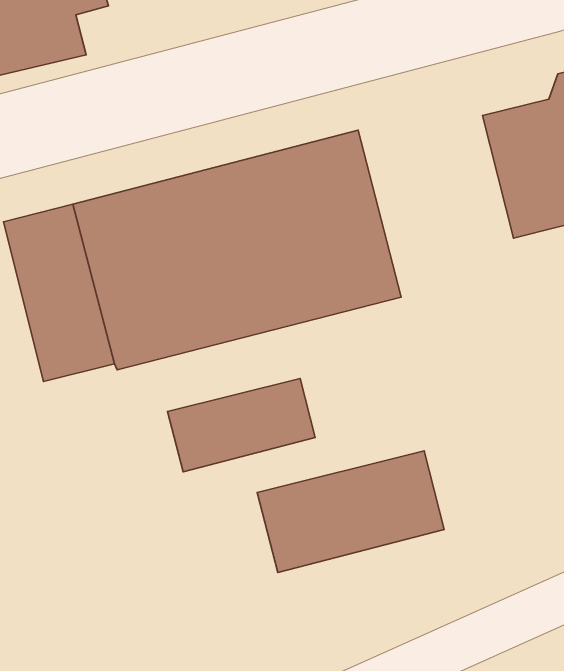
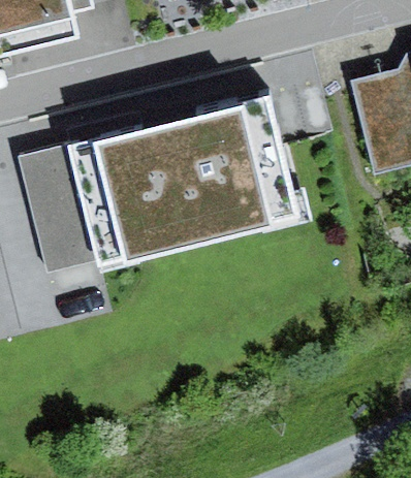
building: [168,378,315,472] -> none
building: [257,451,444,573] -> none

